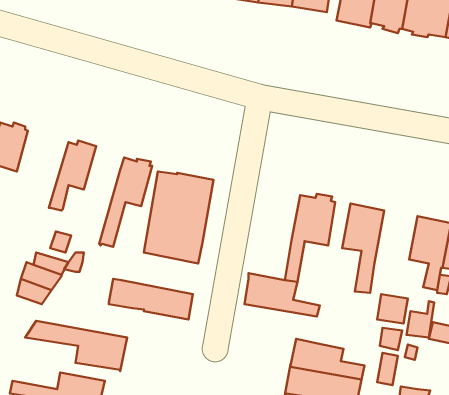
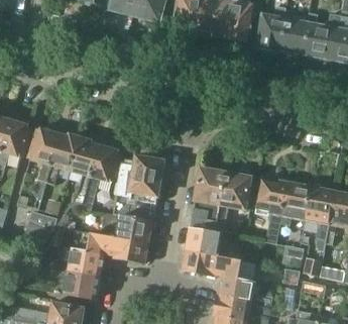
building: none -> [29,126,60,198]
building: none -> [71,137,100,208]
building: none -> [190,167,227,234]
building: none -> [280,184,312,225]
building: none -> [98,213,153,244]
building: none -> [36,246,106,276]
building: none -> [183,251,246,281]

